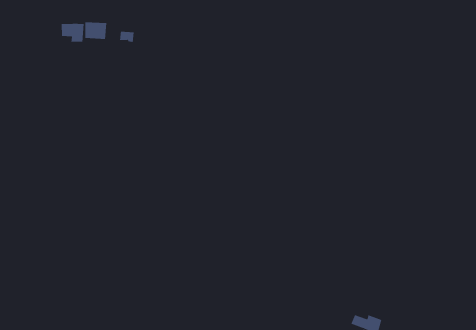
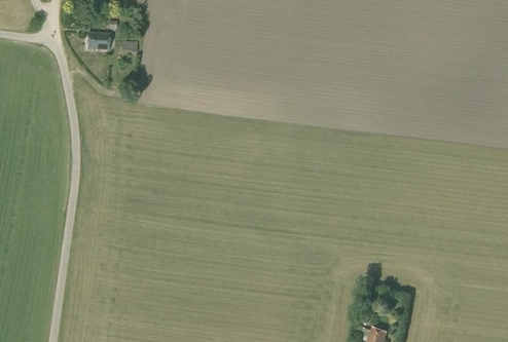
building: [61,23,84,43] -> none

